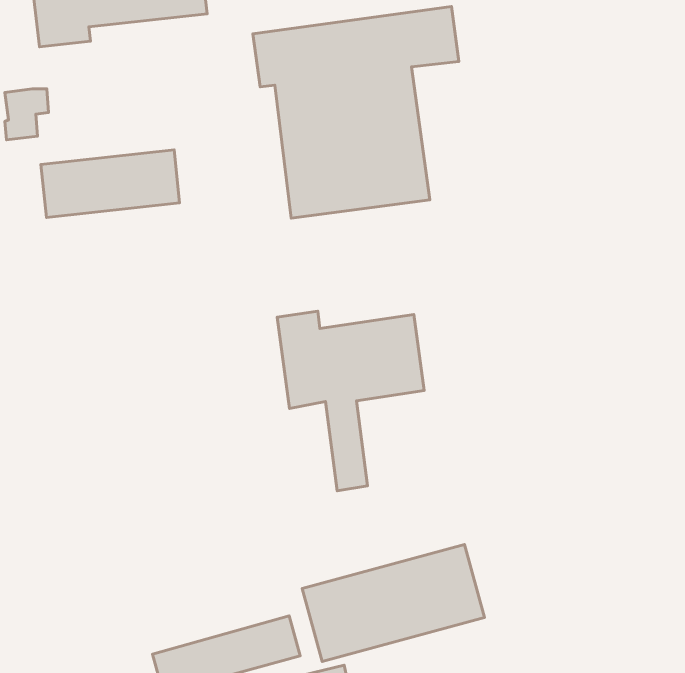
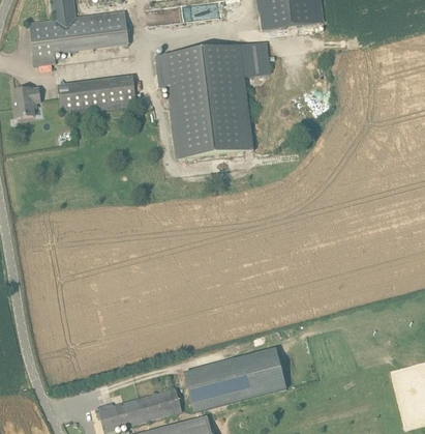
building: [41,150,180,217] -> [58,74,136,112]
building: [277,311,424,491] -> none

